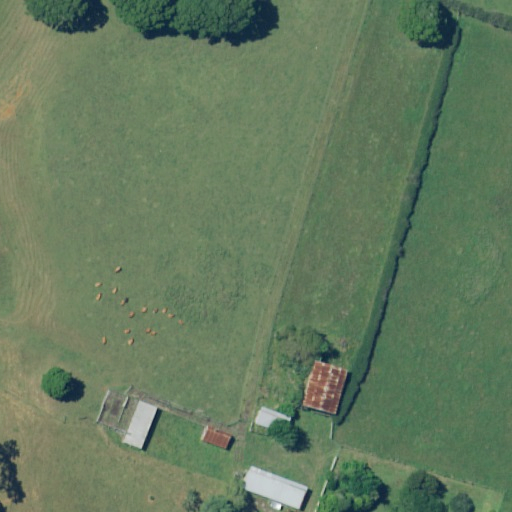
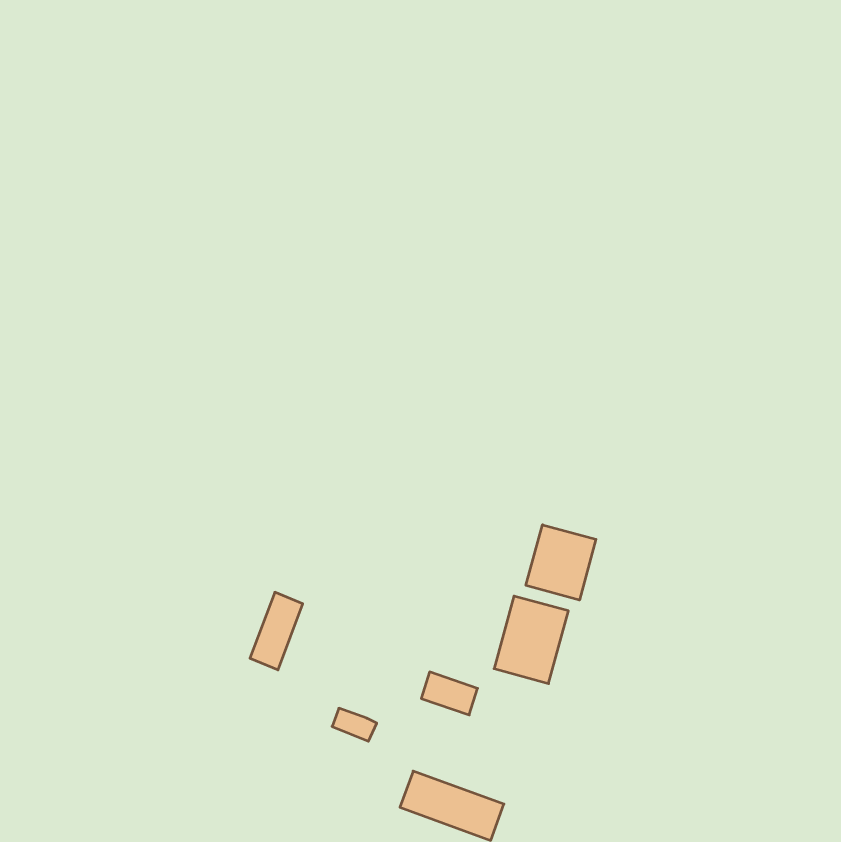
building: none -> [526,525,596,600]
building: [124,402,156,449] -> [250,592,303,670]

